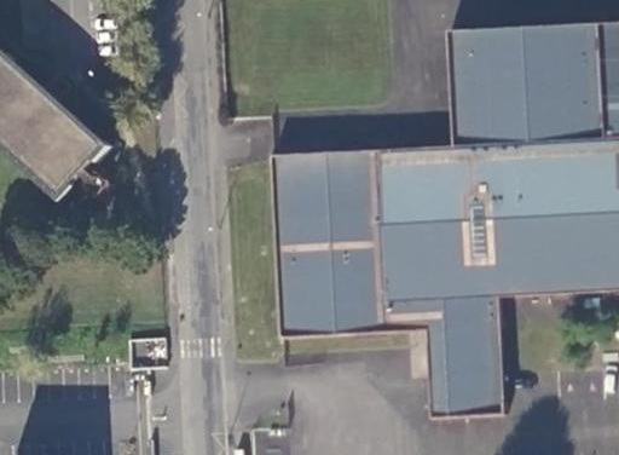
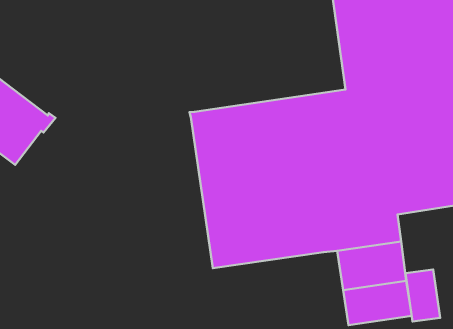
building: none -> [405,269,440,322]

